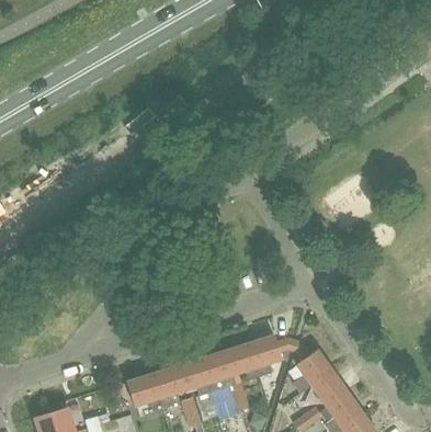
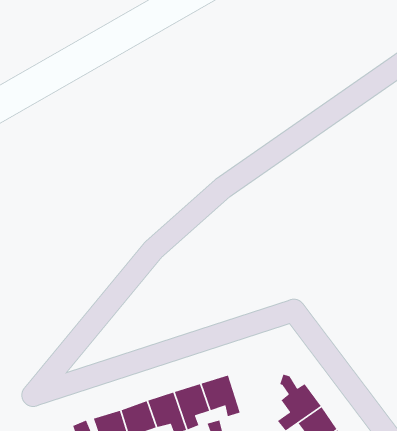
building: [248,333,292,376] -> none

